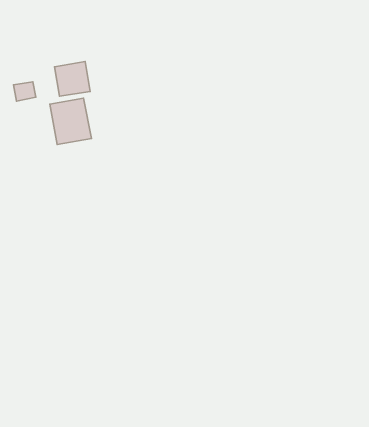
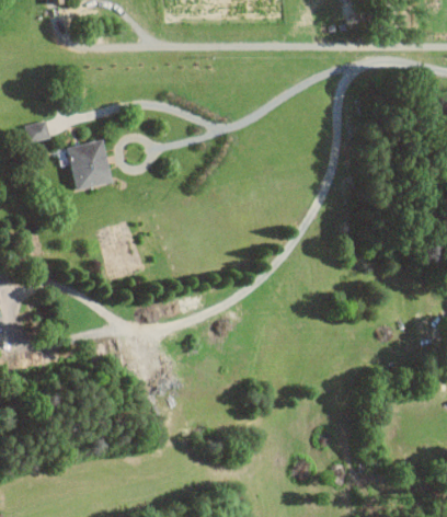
building: [54,61,90,96] -> none

